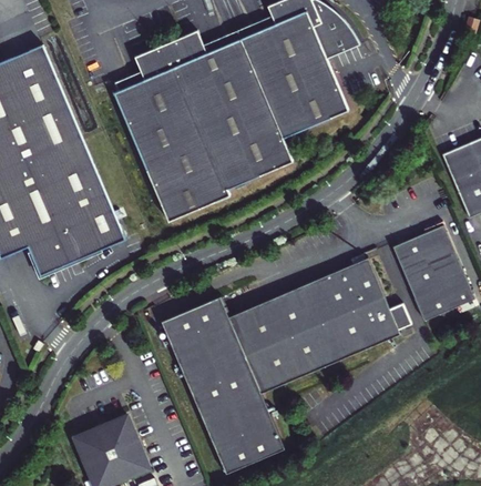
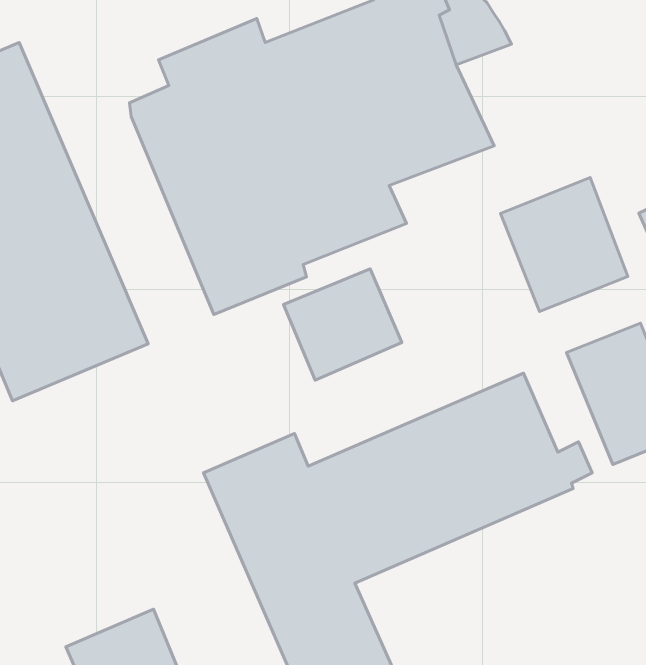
building: none -> [500,177,628,311]
building: none -> [283,269,402,380]

